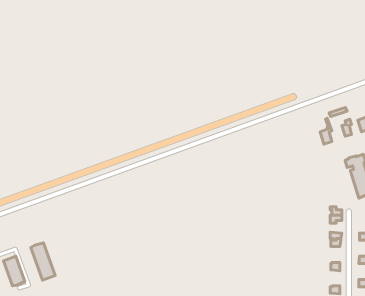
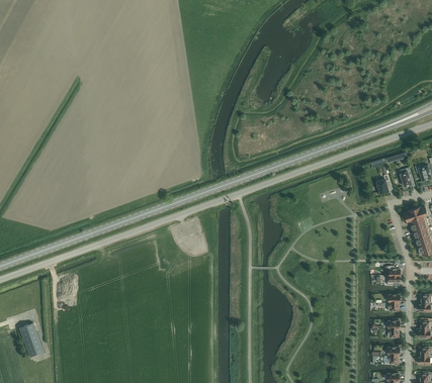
building: [31,243,55,280] -> none

